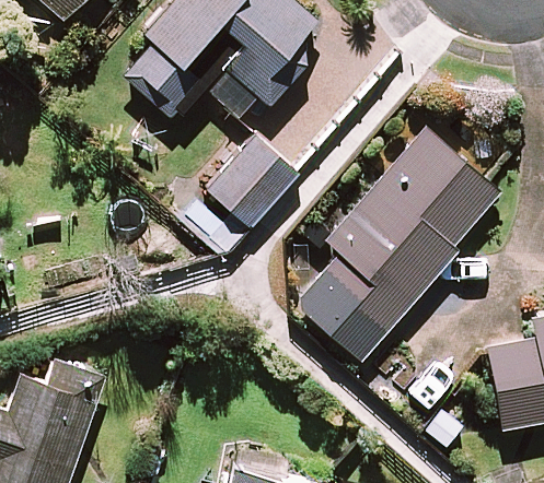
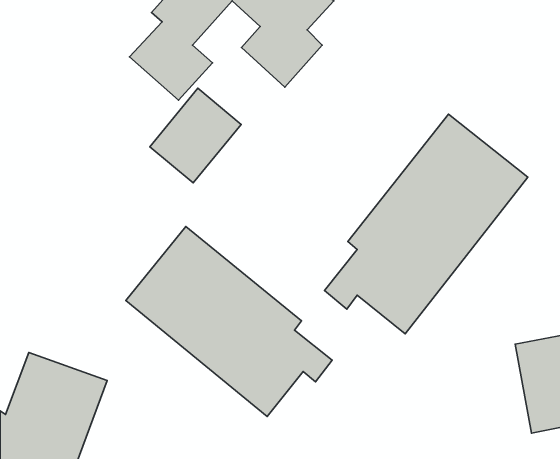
building: [210,138,296,226] -> [150,88,241,183]
building: none -> [126,226,332,417]

